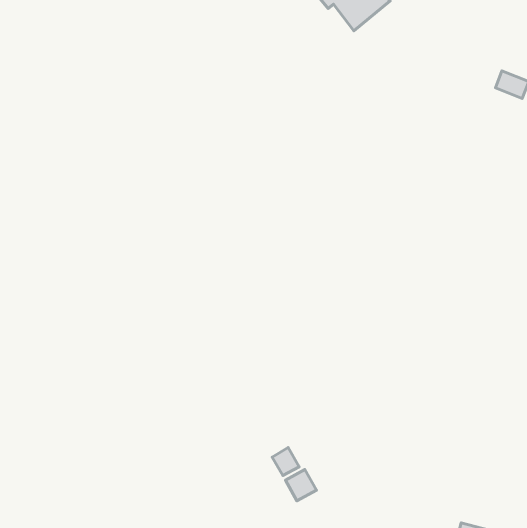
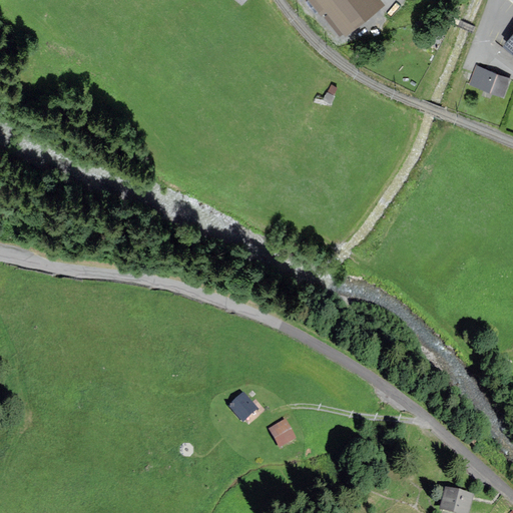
building: none -> [230,393,256,420]
building: [285,470,316,501] -> none

